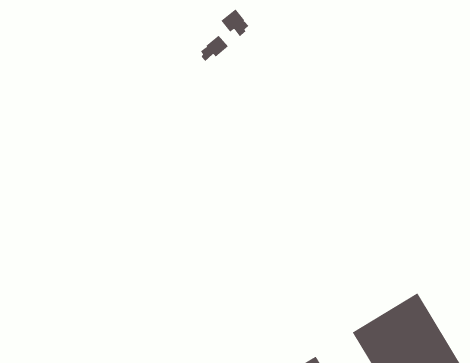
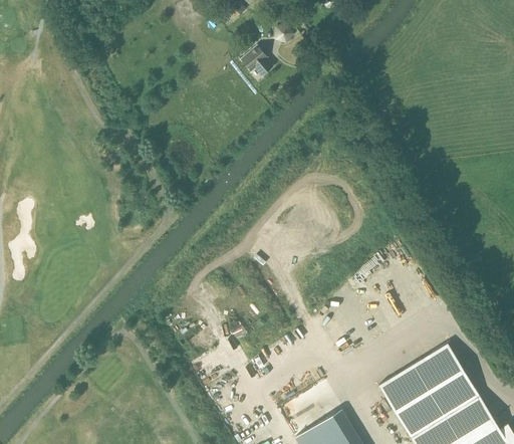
building: [200,35,229,62] -> none

